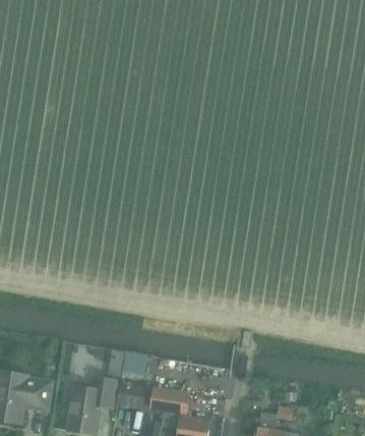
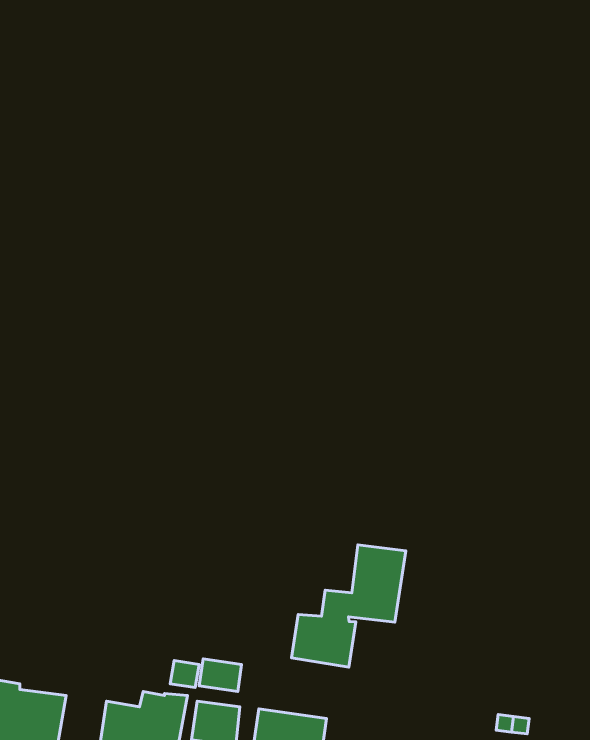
building: none -> [292,545,406,667]

